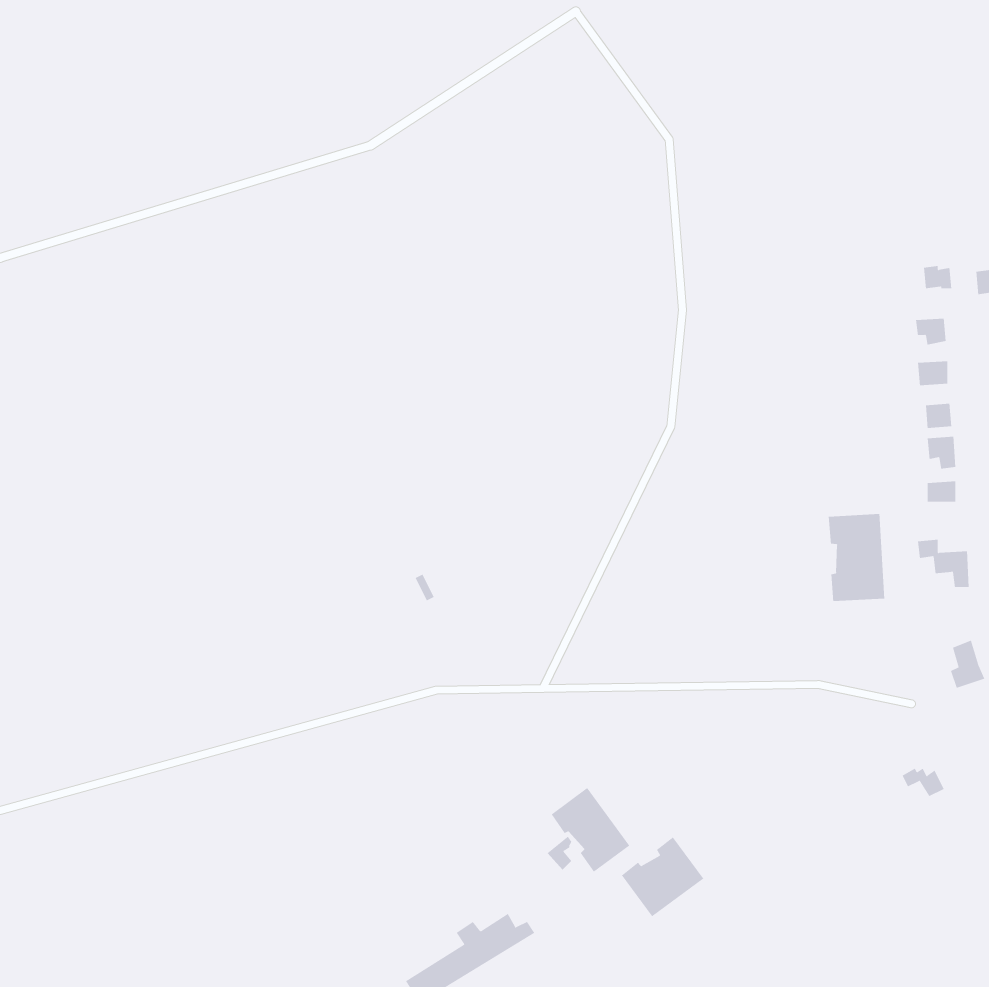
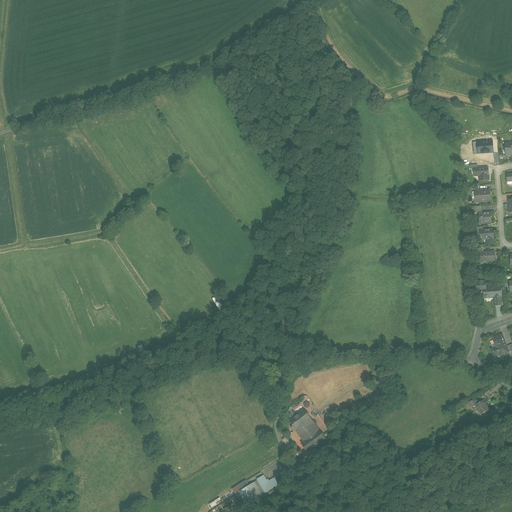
building: [828,513,885,602] -> none
building: [621,837,704,917] -> none

